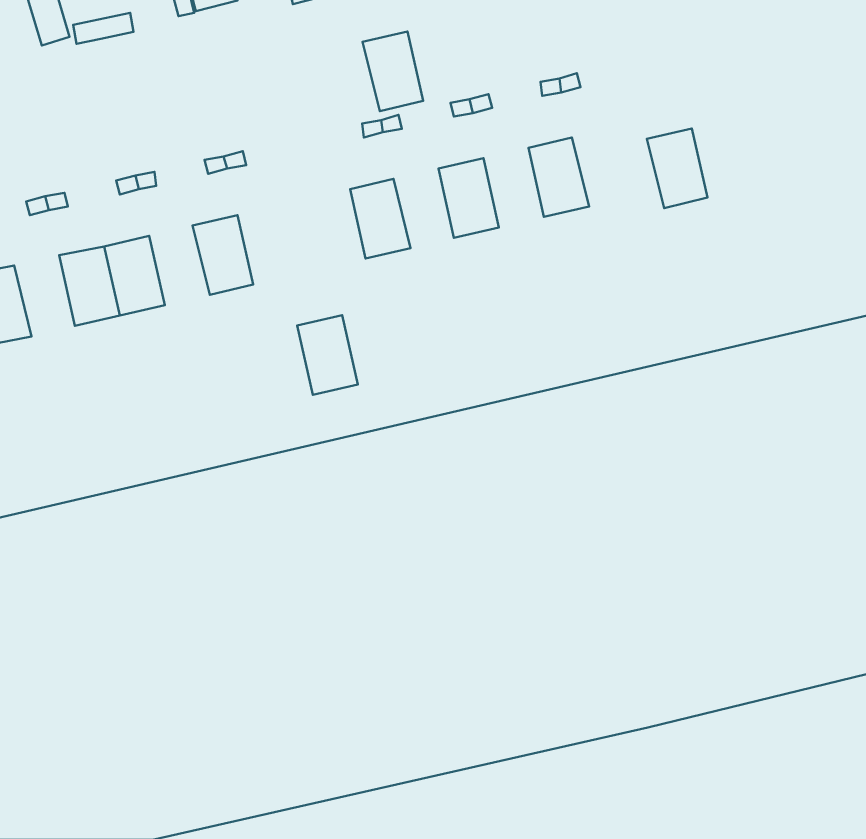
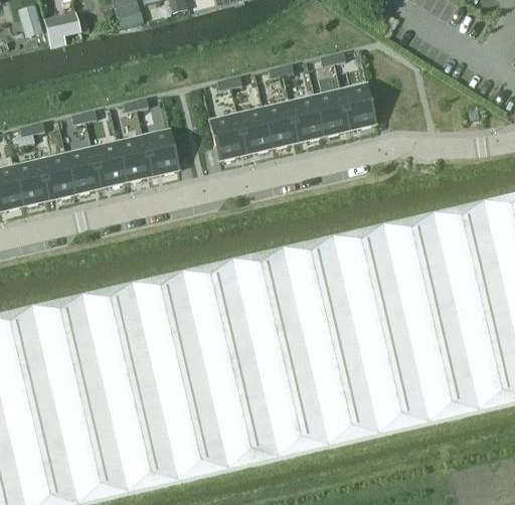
building: [362,32,423,111] -> [230,110,266,156]
building: [647,128,708,208] -> [334,86,369,132]
building: none -> [283,98,318,144]
building: none -> [89,143,124,189]
building: none -> [10,160,45,207]
building: [297,315,358,395] -> [140,131,175,177]

